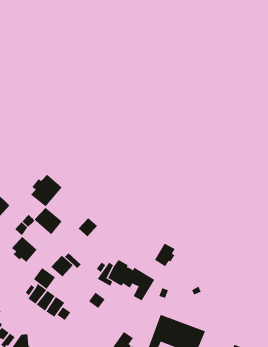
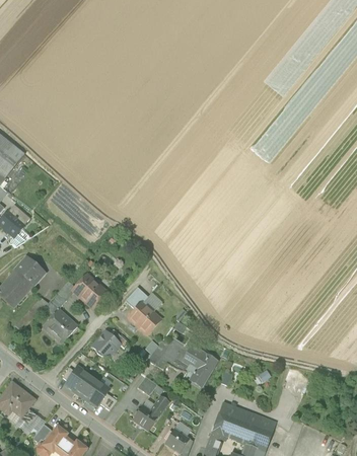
building: [30,174,63,207] -> none
building: none -> [128,294,161,334]
building: [154,243,176,267] -> none
building: [33,267,56,290] -> none
building: none -> [132,396,168,431]

